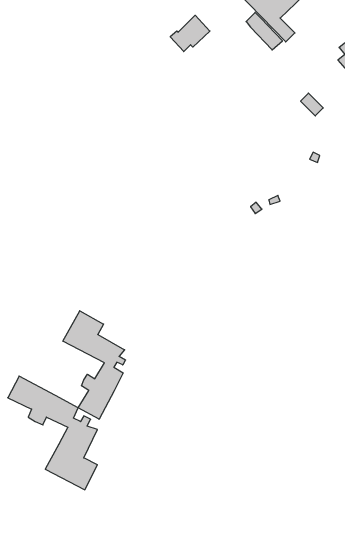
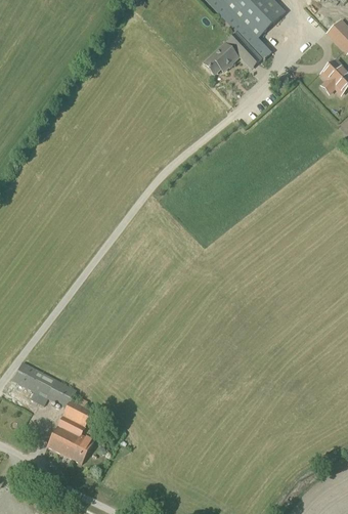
building: [170,15,210,52] -> [202,43,237,76]
building: [63,311,126,419] -> none

